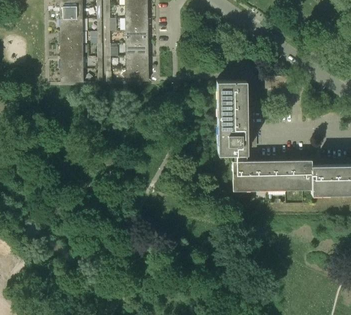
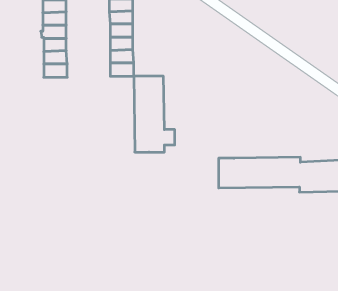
building: [217,80,257,154] -> [134,76,175,152]

